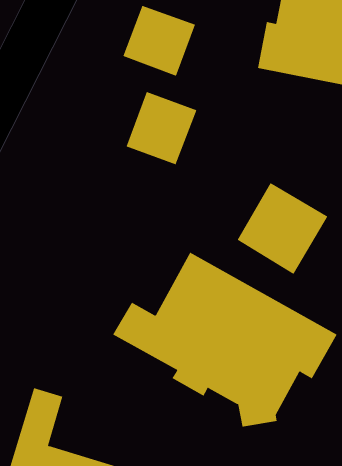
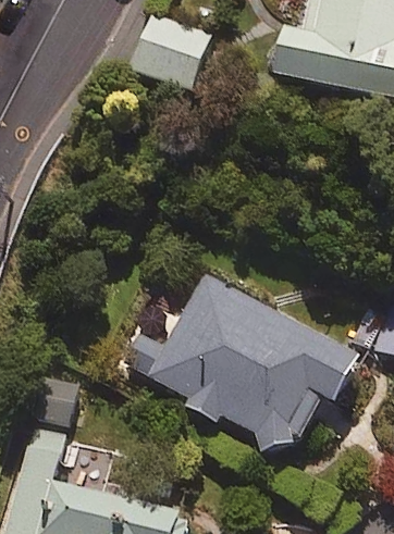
building: [126,91,197,165] -> none
building: [237,182,328,275] -> none

